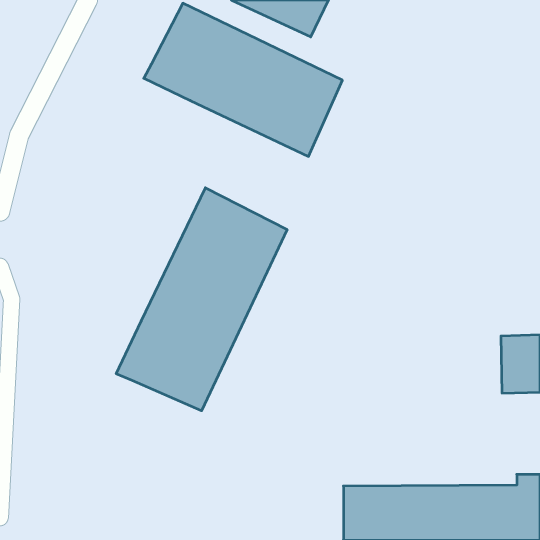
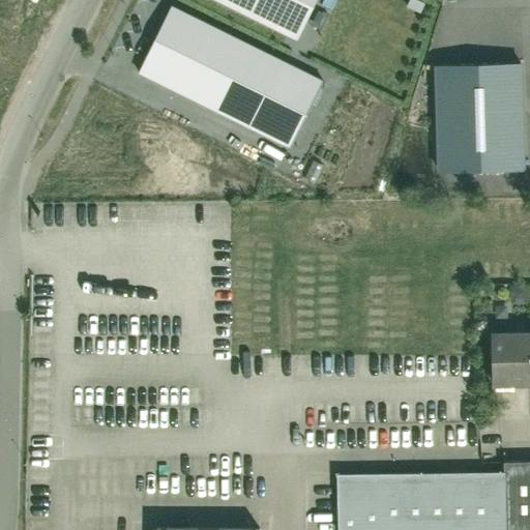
building: none -> [435,68,522,177]
building: [116,188,287,411] -> none

